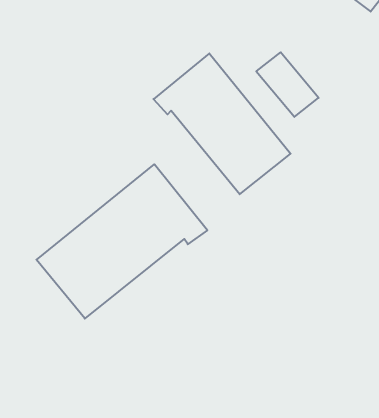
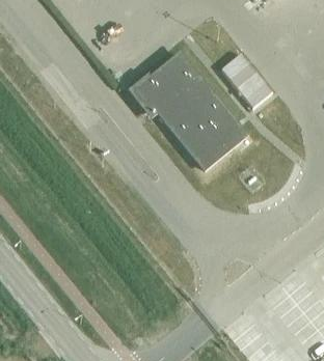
building: [36,164,207,319] -> none

